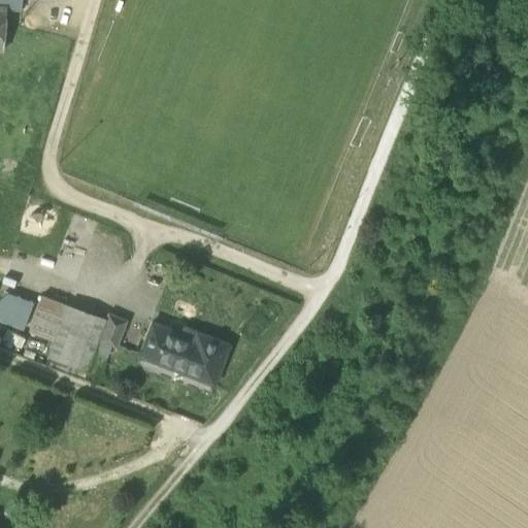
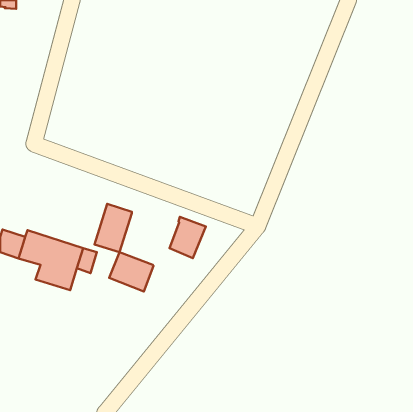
building: none -> [95,204,132,252]
building: [184,333,230,386] -> [169,217,206,258]

